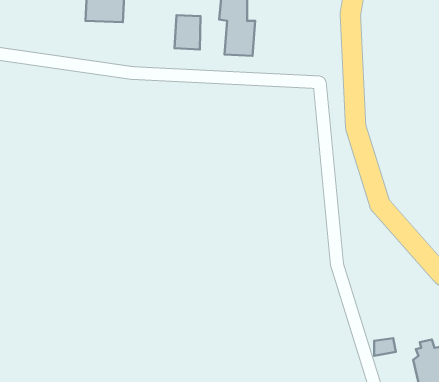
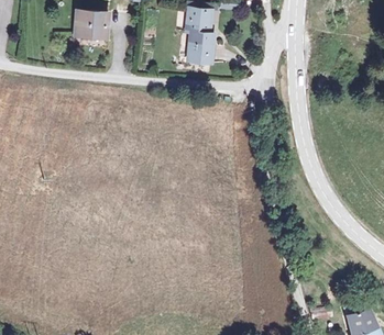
building: [174,15,201,49] -> none

